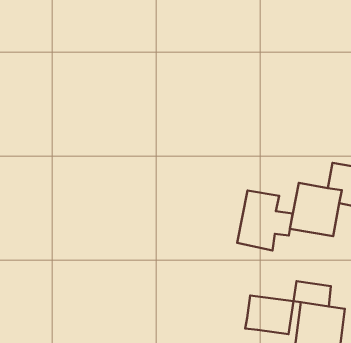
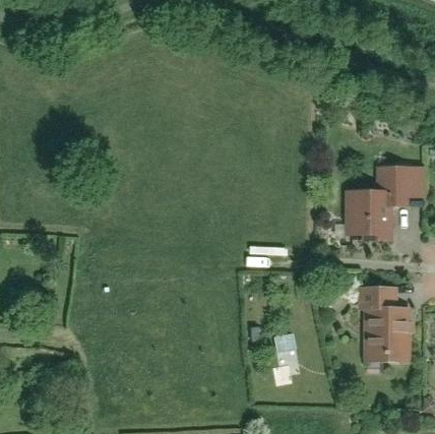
building: [237,190,292,250] -> none
building: [245,296,294,334] -> none

